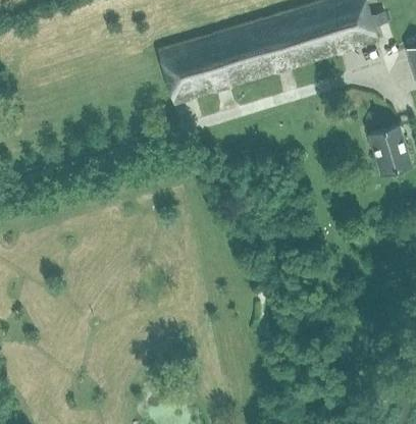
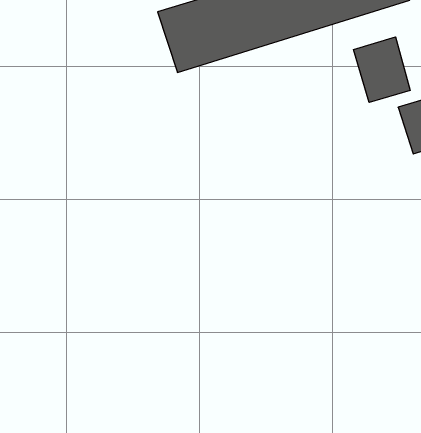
building: none -> [353,37,410,102]

